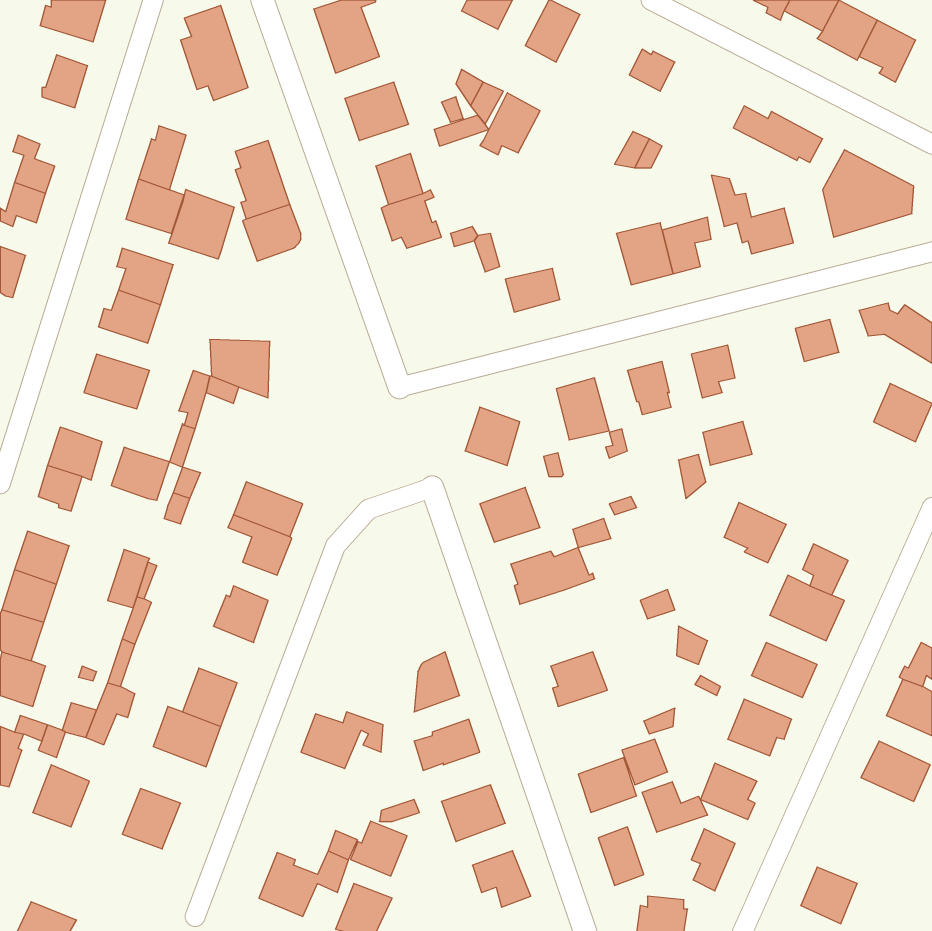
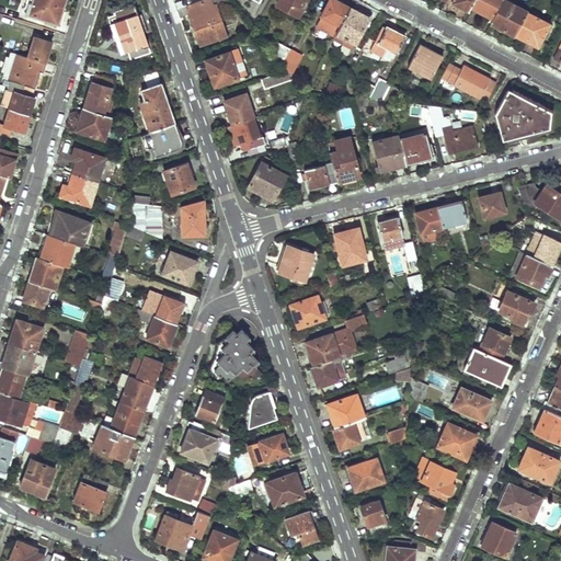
building: none -> [408,47,443,82]
building: [480,93,540,155] -> [332,10,368,47]
building: none -> [9,57,45,90]
building: [169,189,234,259] -> none
building: none -> [329,146,359,181]
building: none -> [162,162,193,194]
building: none -> [248,162,287,202]
building: none -> [180,210,203,237]
building: none -> [161,251,195,284]
building: [703,421,752,465] -> [437,202,467,228]
building: none -> [515,254,550,287]
building: [111,447,170,500] -> [39,236,75,267]
building: [724,503,786,563] -> [497,289,535,325]
building: none -> [213,329,261,380]
building: none -> [311,355,347,386]
building: none -> [118,375,152,411]
building: none -> [195,389,224,422]
building: [622,739,668,785] -> [332,420,359,447]
building: [642,782,707,832] -> none
building: none -> [497,481,541,519]
building: [351,821,407,876] -> [165,468,199,501]

